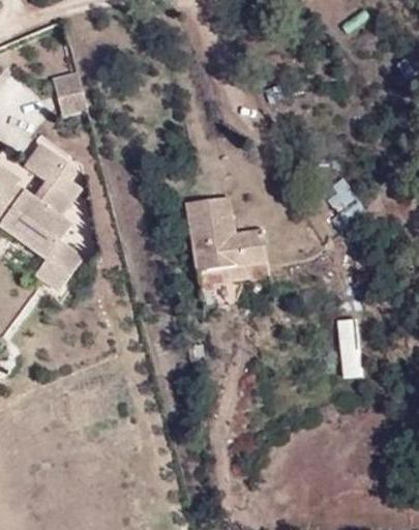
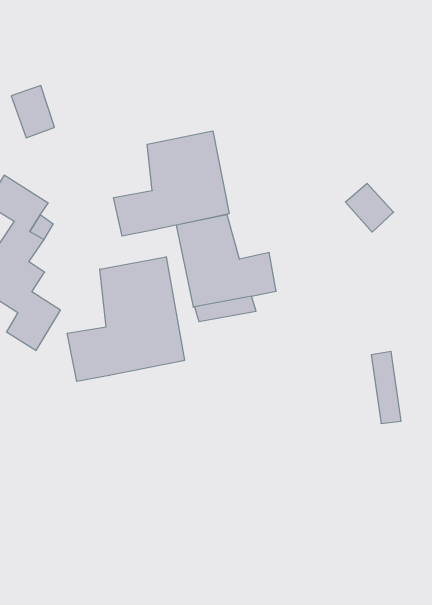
building: none -> [113,131,229,236]
building: none -> [67,257,185,381]

